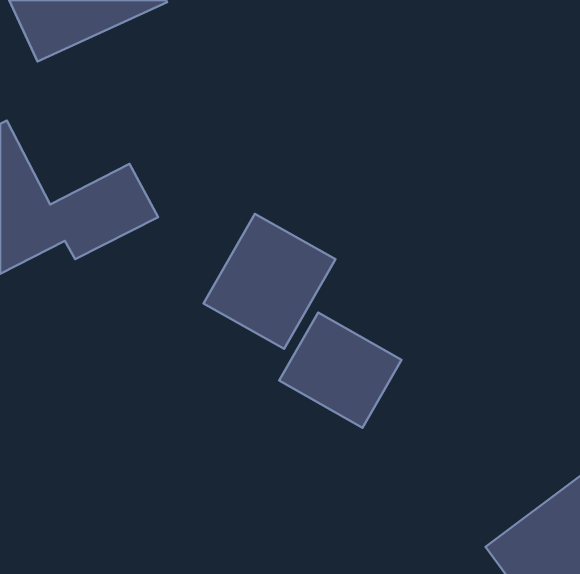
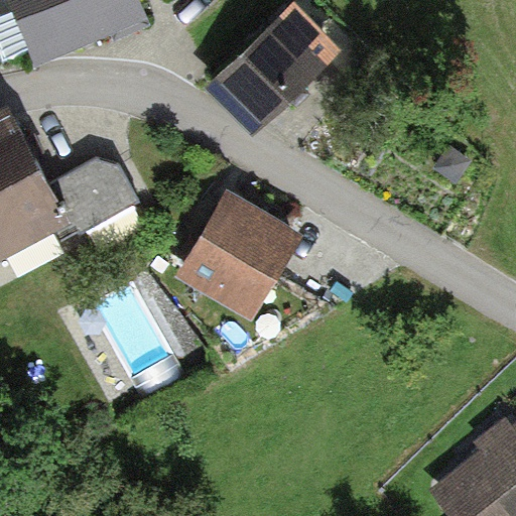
building: none -> [203,20,317,133]
building: [279,313,401,428] -> none

